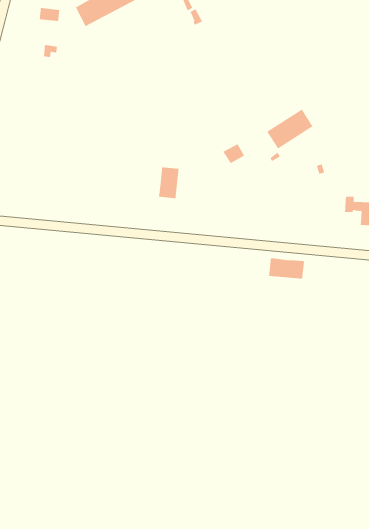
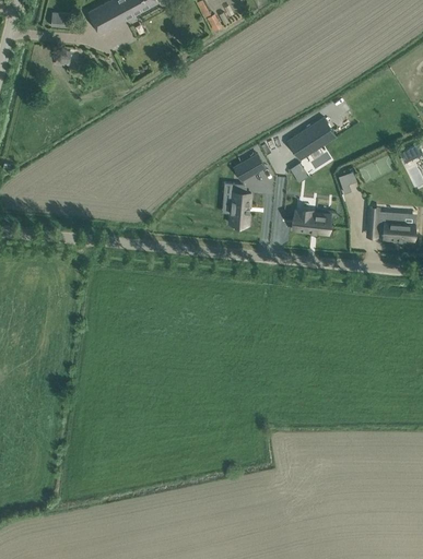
building: [158,167,179,199] -> [228,191,250,225]
building: [268,257,305,280] -> [292,210,330,233]

